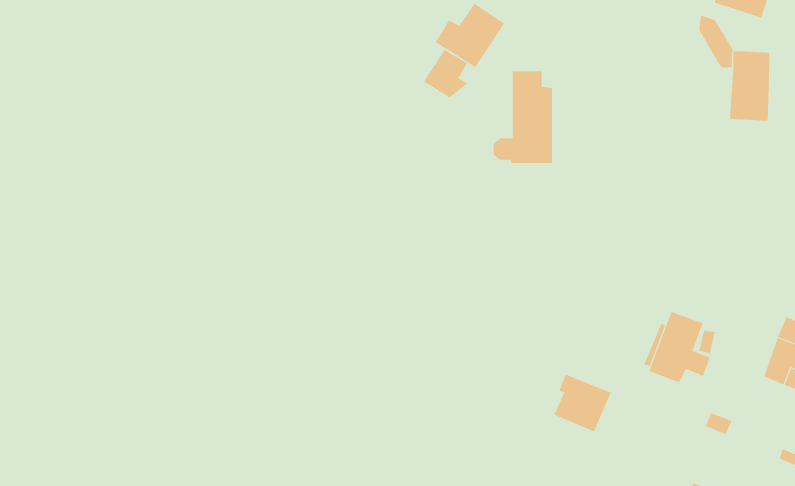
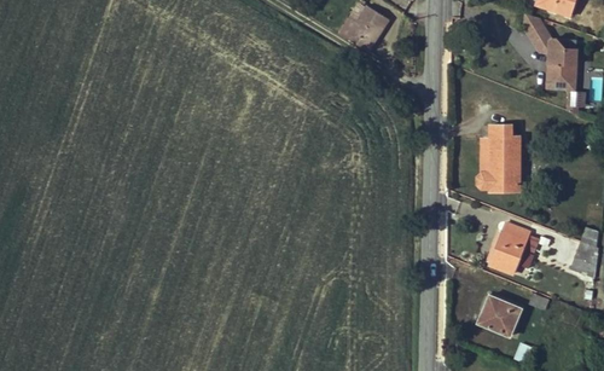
building: [423,49,469,99] -> none
building: [493,71,553,163] -> [477,124,519,190]
building: [553,374,612,432] -> [481,295,522,336]

